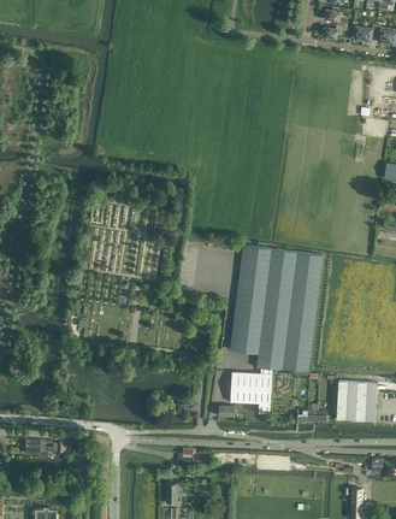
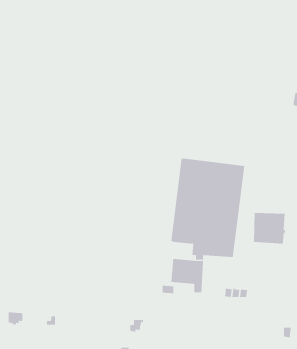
building: [336,382,378,421] -> [253,213,286,244]

